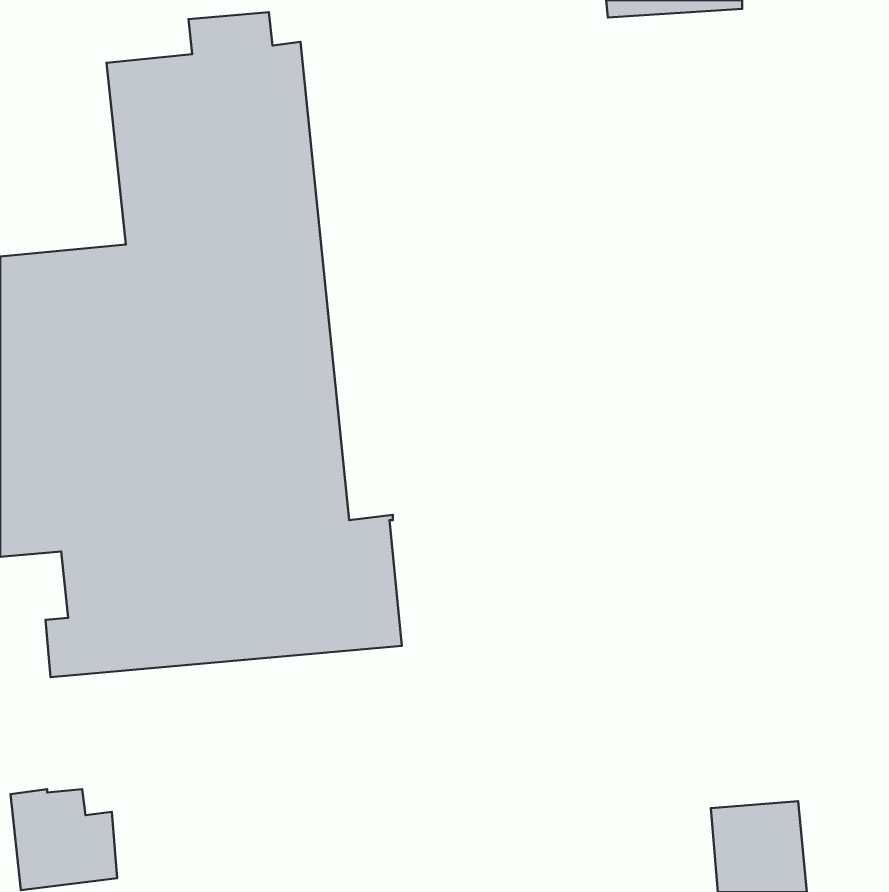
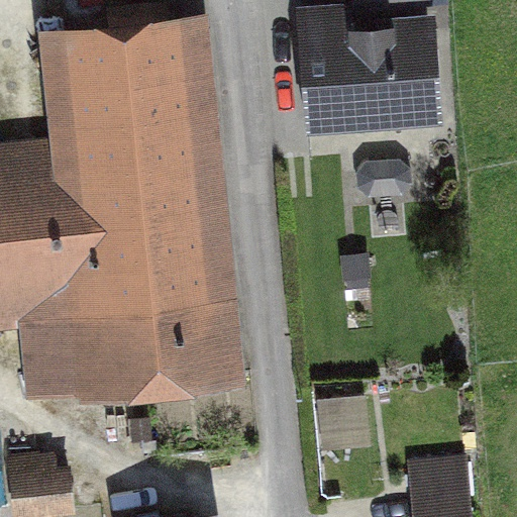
building: none -> [297,18,431,122]

